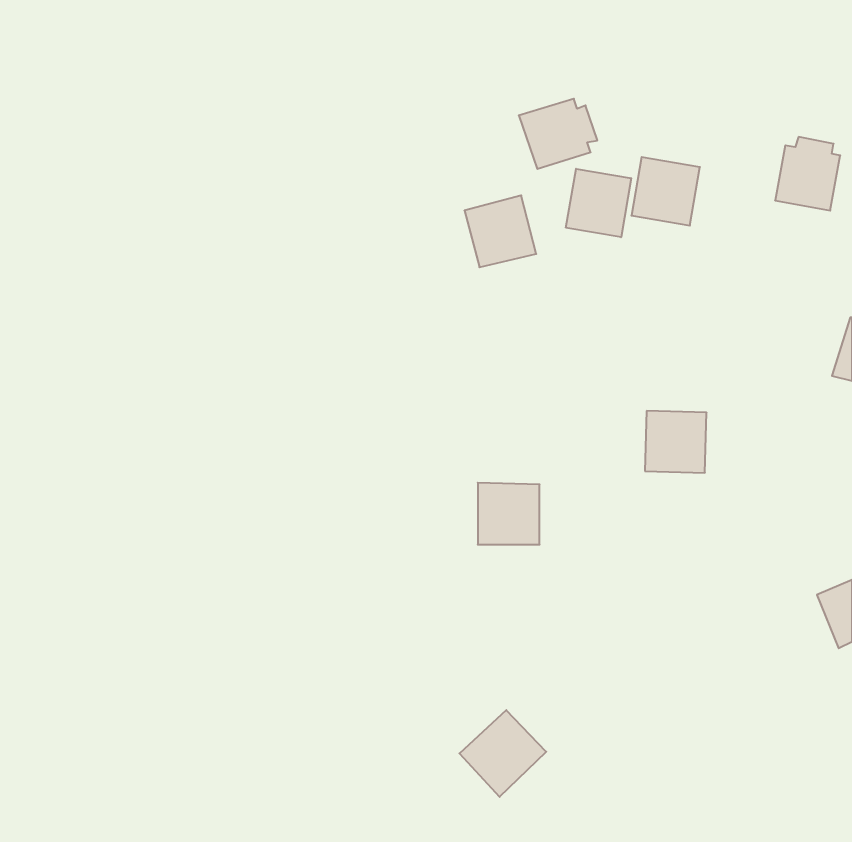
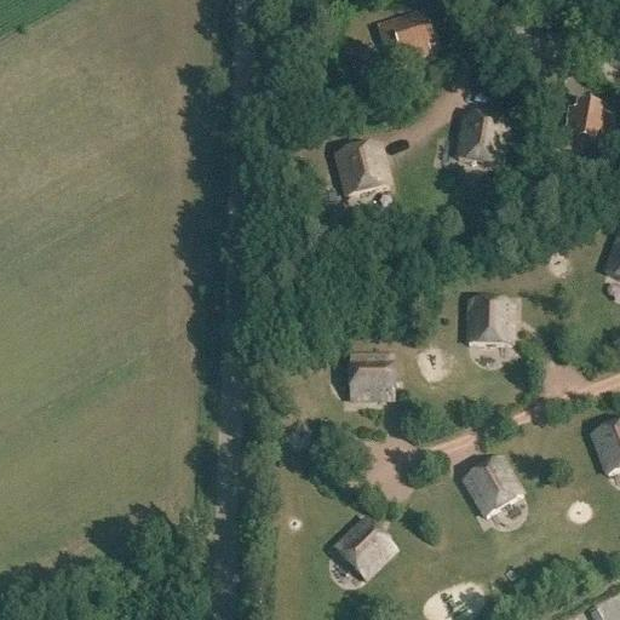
building: [519,99,597,169] -> [378,11,435,62]
building: [566,169,631,237] -> none
building: none -> [464,455,522,515]

